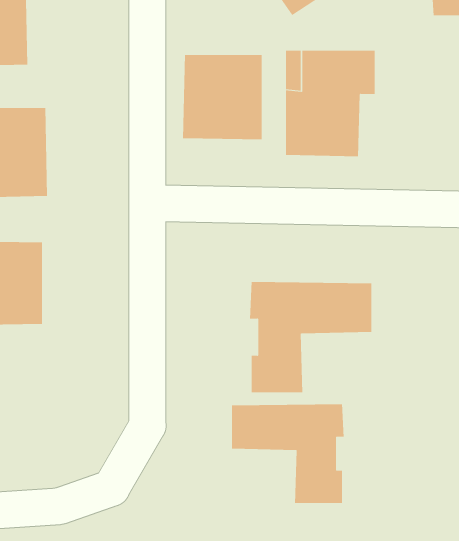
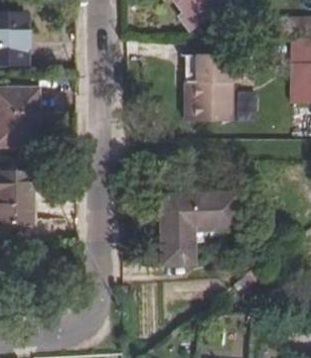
building: [182,54,262,140] -> none
building: [232,404,344,504] -> none

